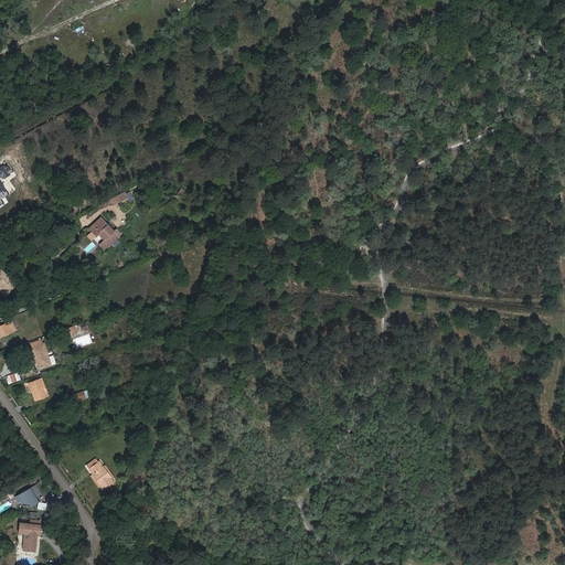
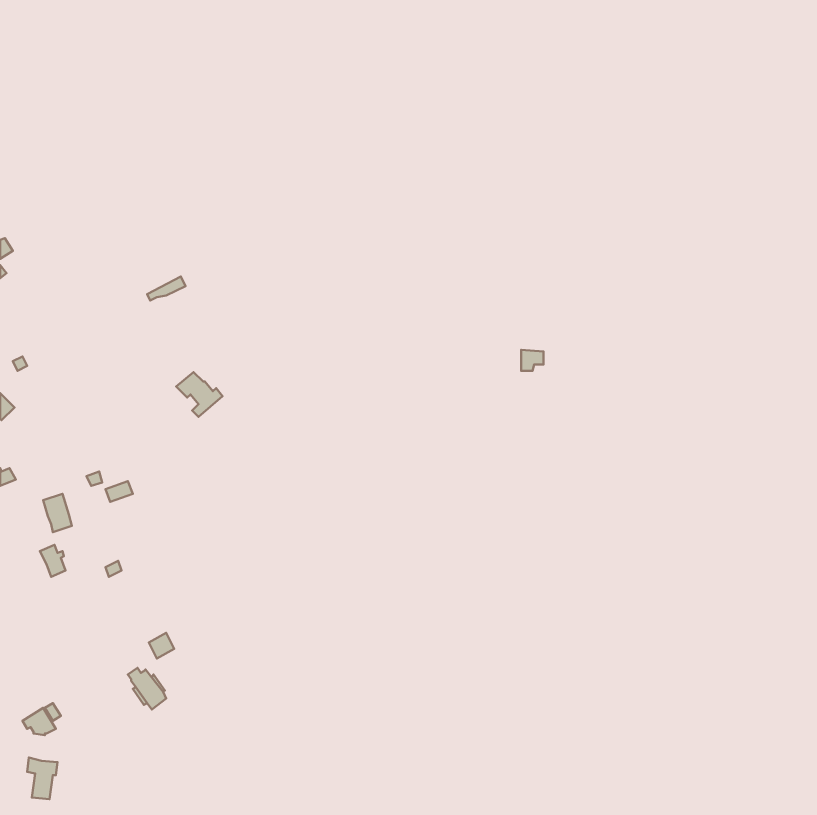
building: [88,216,120,247] -> [176,372,222,417]

